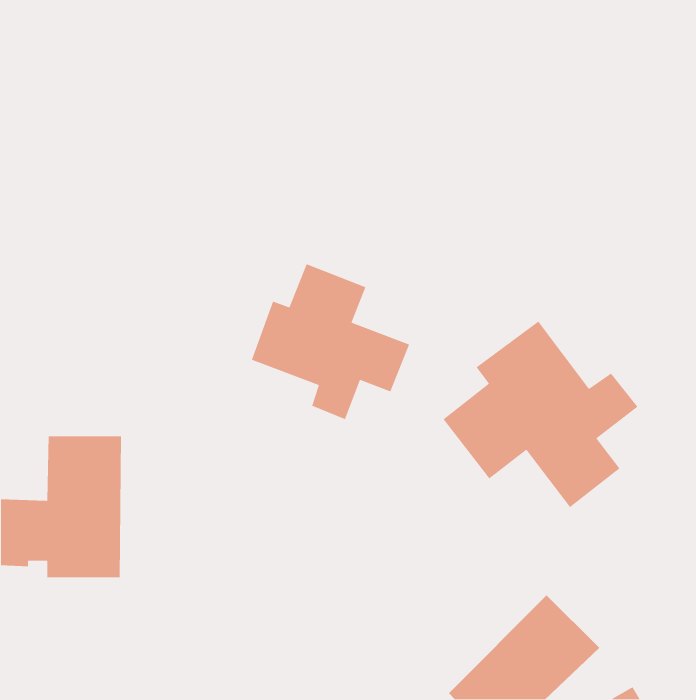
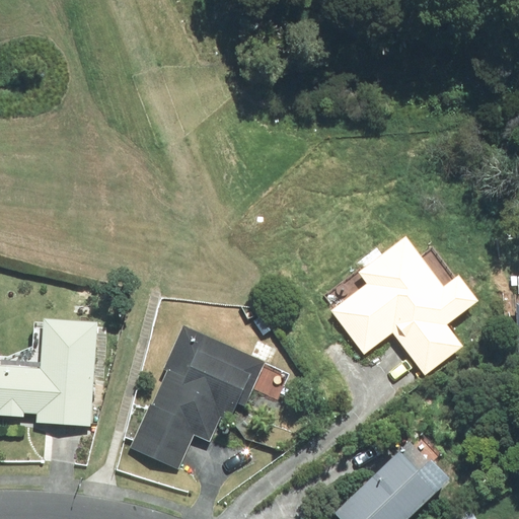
building: [251,263,410,420] -> none
building: none -> [131,326,267,468]

